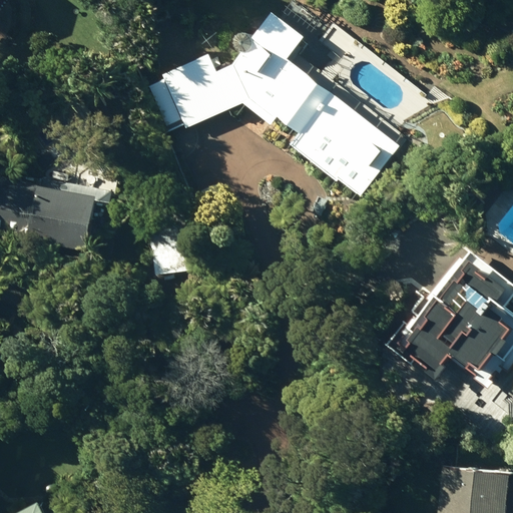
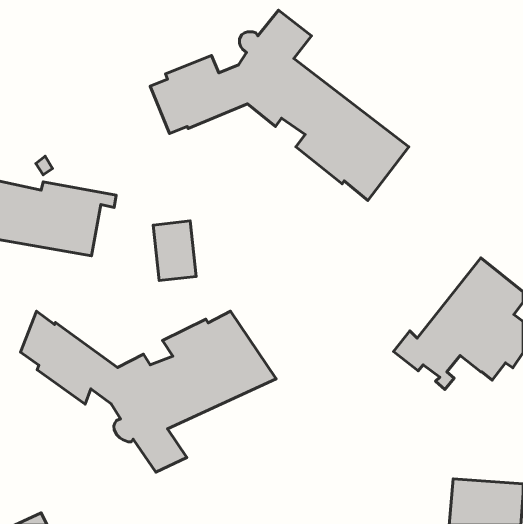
building: none -> [21,311,276,472]

